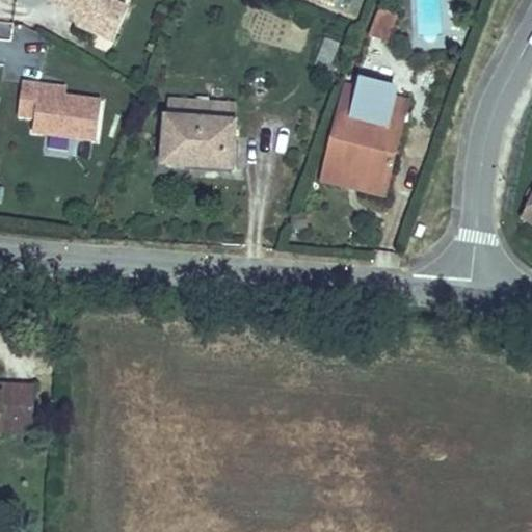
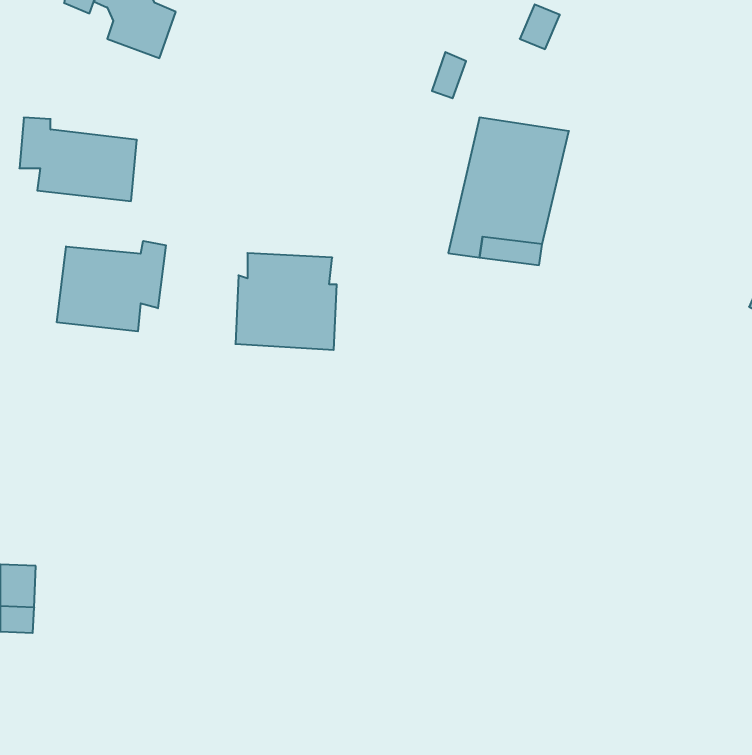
building: [161,99,232,166] -> [235,253,337,350]
building: none -> [57,241,166,331]

